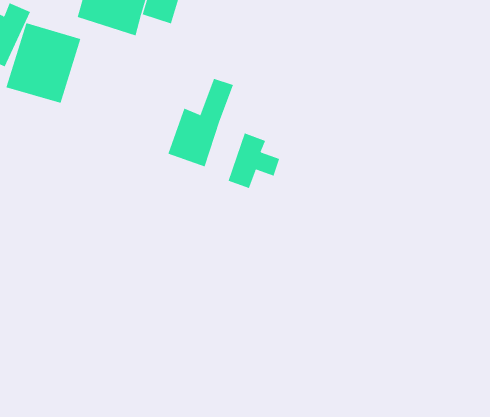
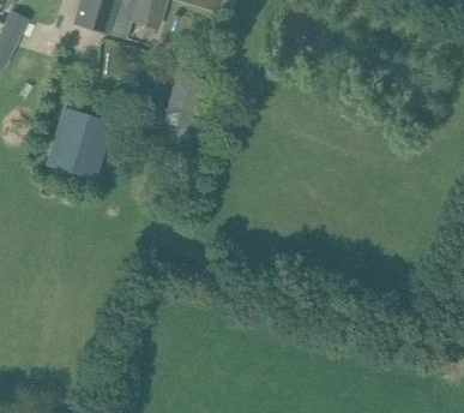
building: [6,23,81,104] -> [44,108,112,180]
building: [228,133,280,189] -> none

